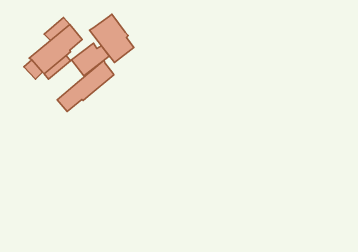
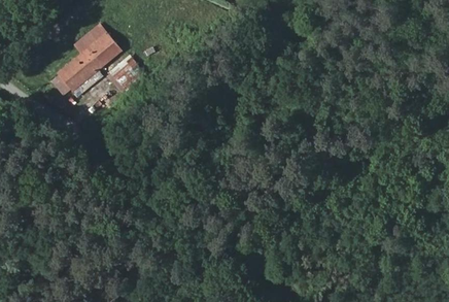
building: [89,14,134,62] -> none
building: [57,60,114,112] -> none

